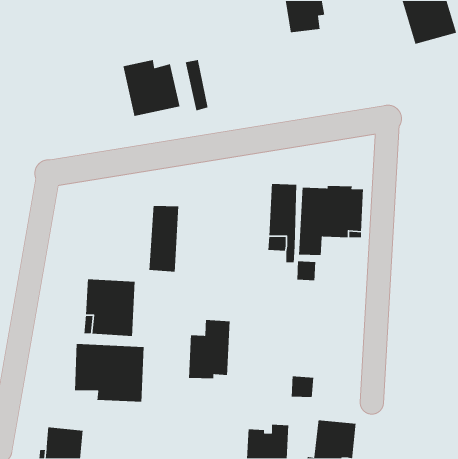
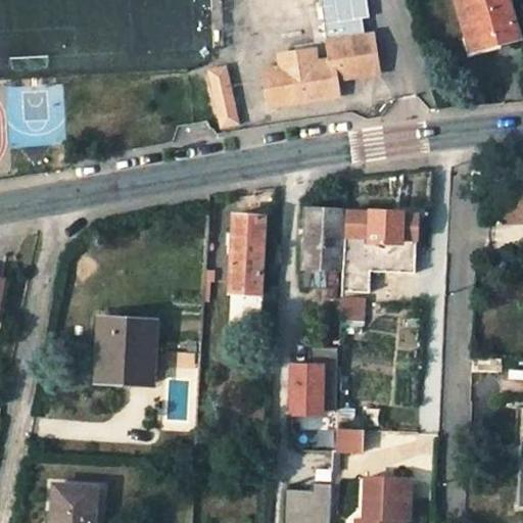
building: none -> [267,36,379,104]
building: [122,59,181,117] -> none
building: [148,205,179,272] -> [230,216,265,292]
building: [188,319,230,379] -> [289,344,337,413]
building: [74,343,144,403] -> none

